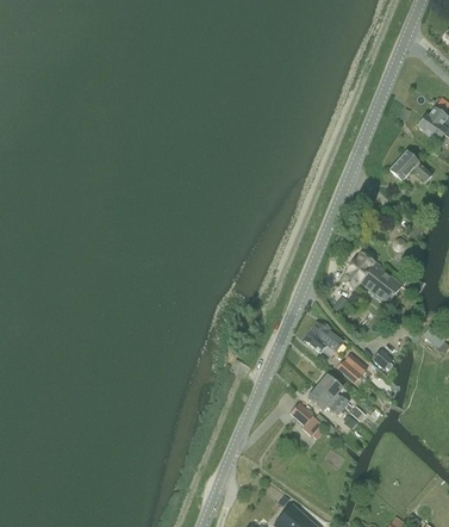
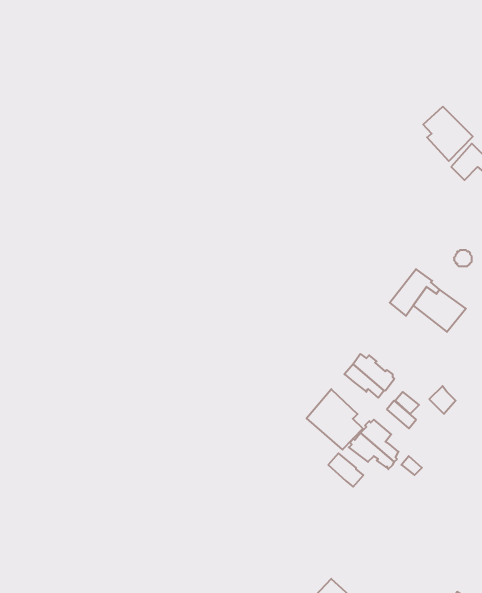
building: none -> [423,107,473,161]
building: none -> [307,389,363,450]

